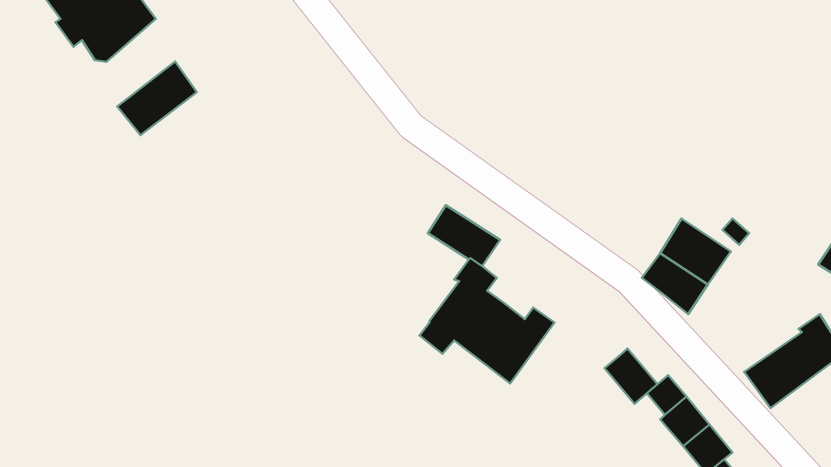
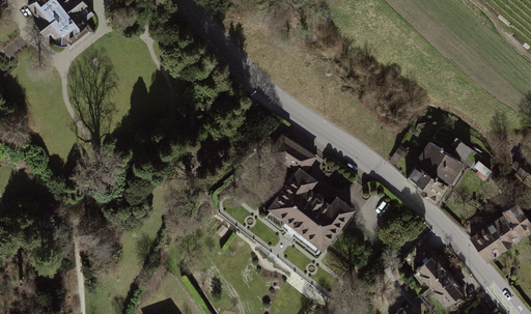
building: [117,61,197,135] -> none
building: [605,349,658,404] -> none

